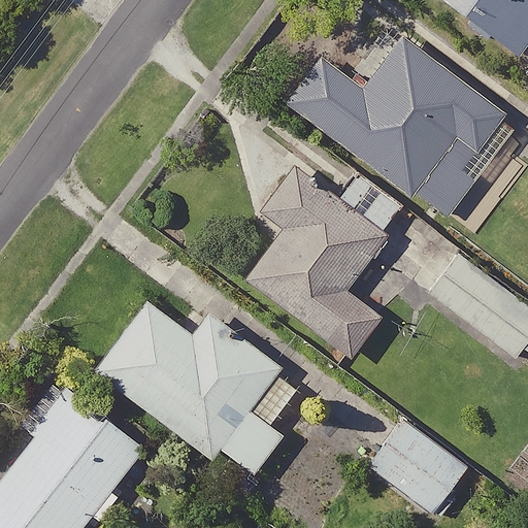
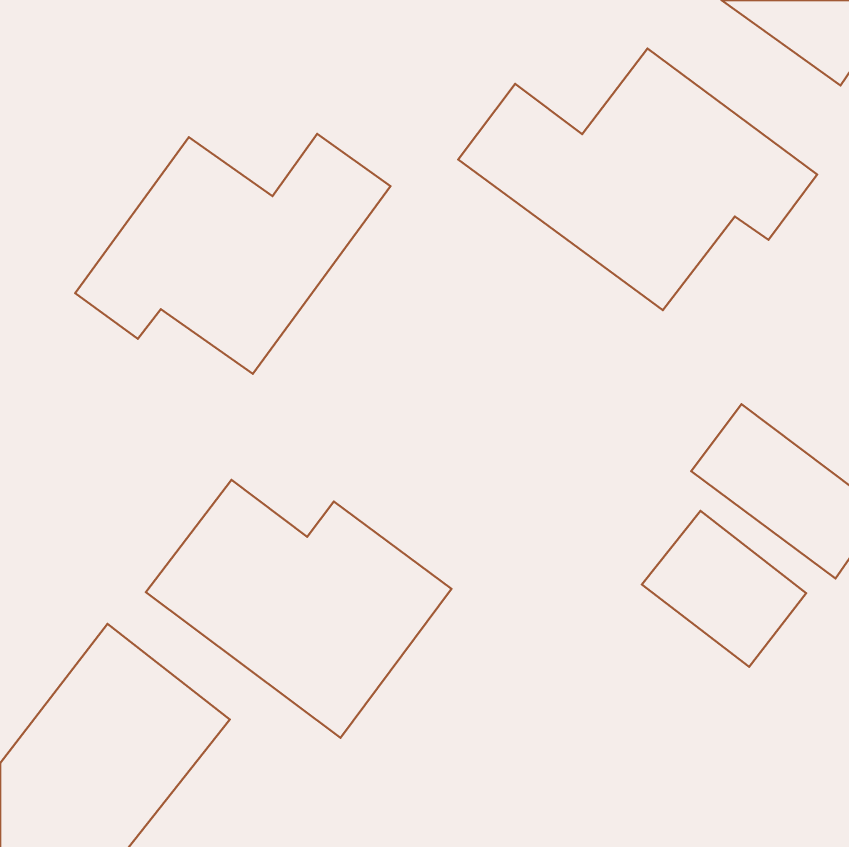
building: none -> [75,134,390,374]
building: [245,166,389,358] -> none
building: [368,421,469,517] -> [642,511,806,667]

